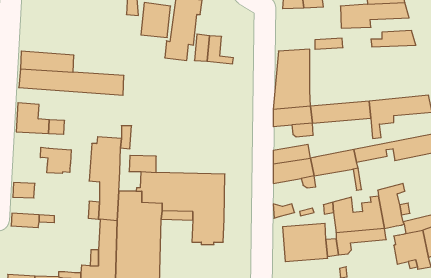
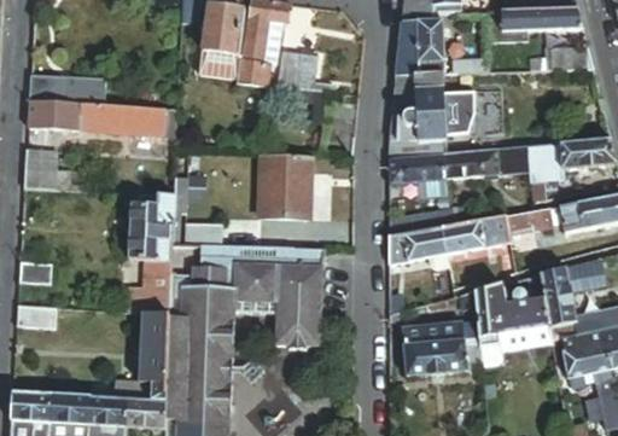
building: none -> [397,19,443,75]
building: none -> [442,91,473,132]
building: none -> [260,155,311,220]
building: [40,147,71,173] -> none

